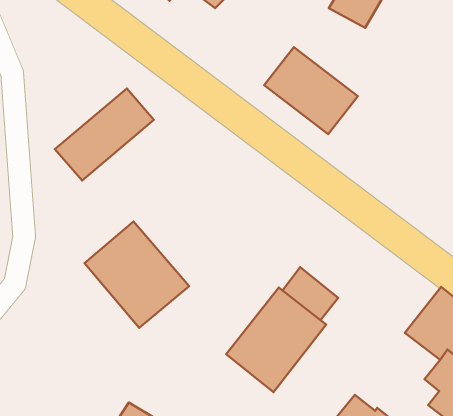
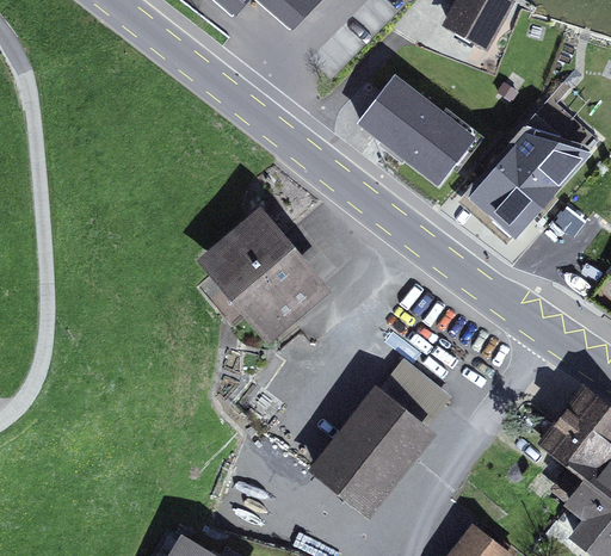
building: [55,88,154,181] -> none
building: none -> [468,130,592,239]
building: [85,221,189,328] -> [197,205,332,342]

